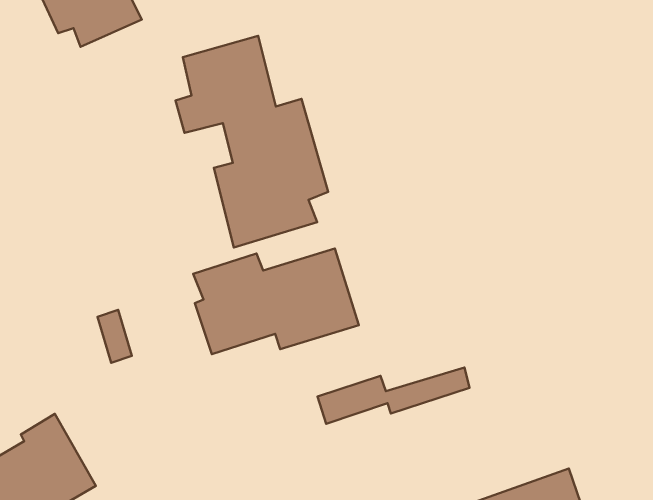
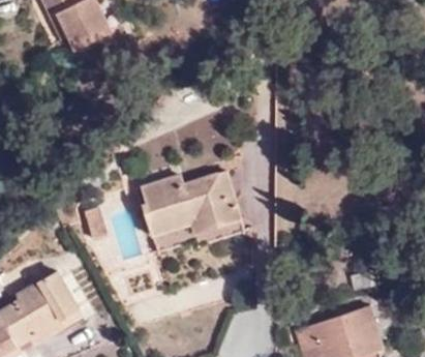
building: [175,36,328,247] -> none
building: [317,367,469,424] -> [153,216,245,250]

